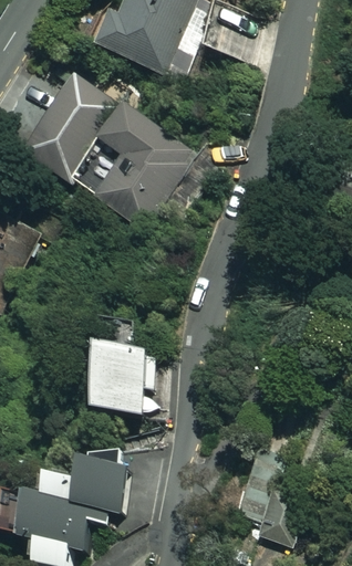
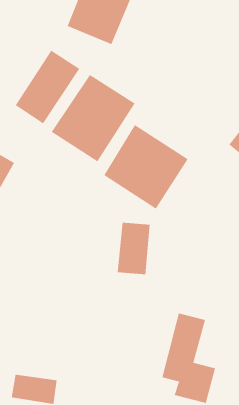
building: none -> [104,124,188,209]
building: [104,345,148,415] -> [117,222,150,275]
building: [79,461,134,510] -> none

